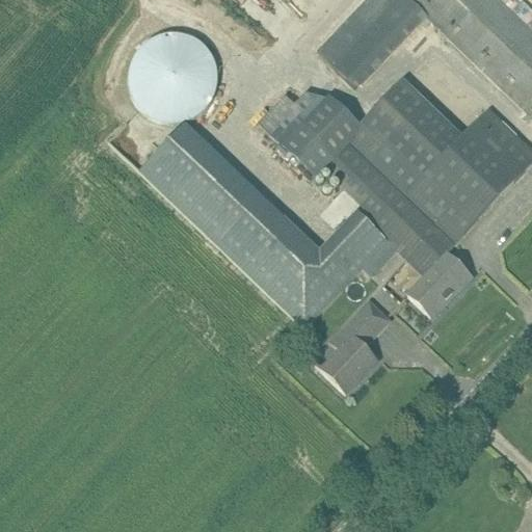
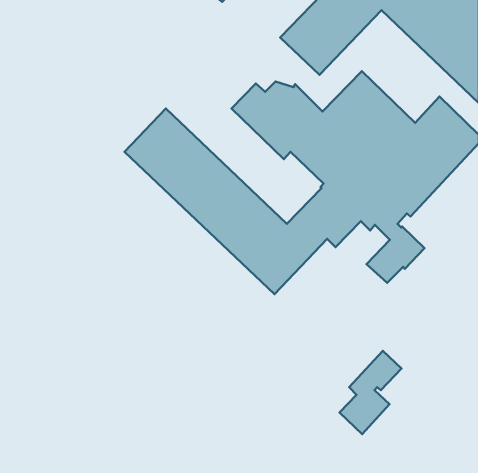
building: [141,32,215,116] -> none
building: [321,299,390,392] -> [340,351,402,434]

